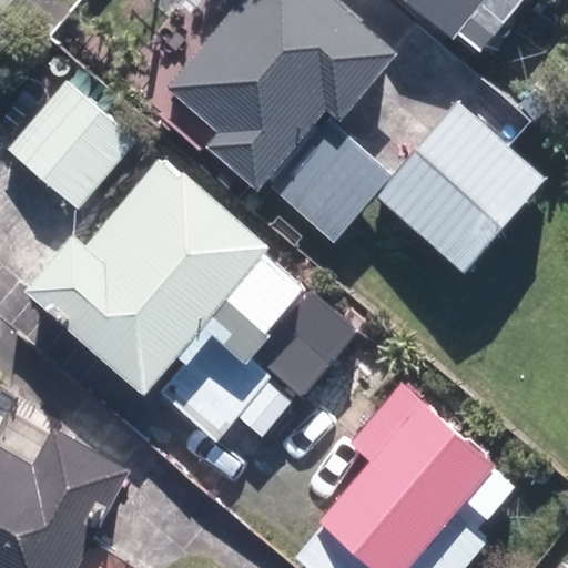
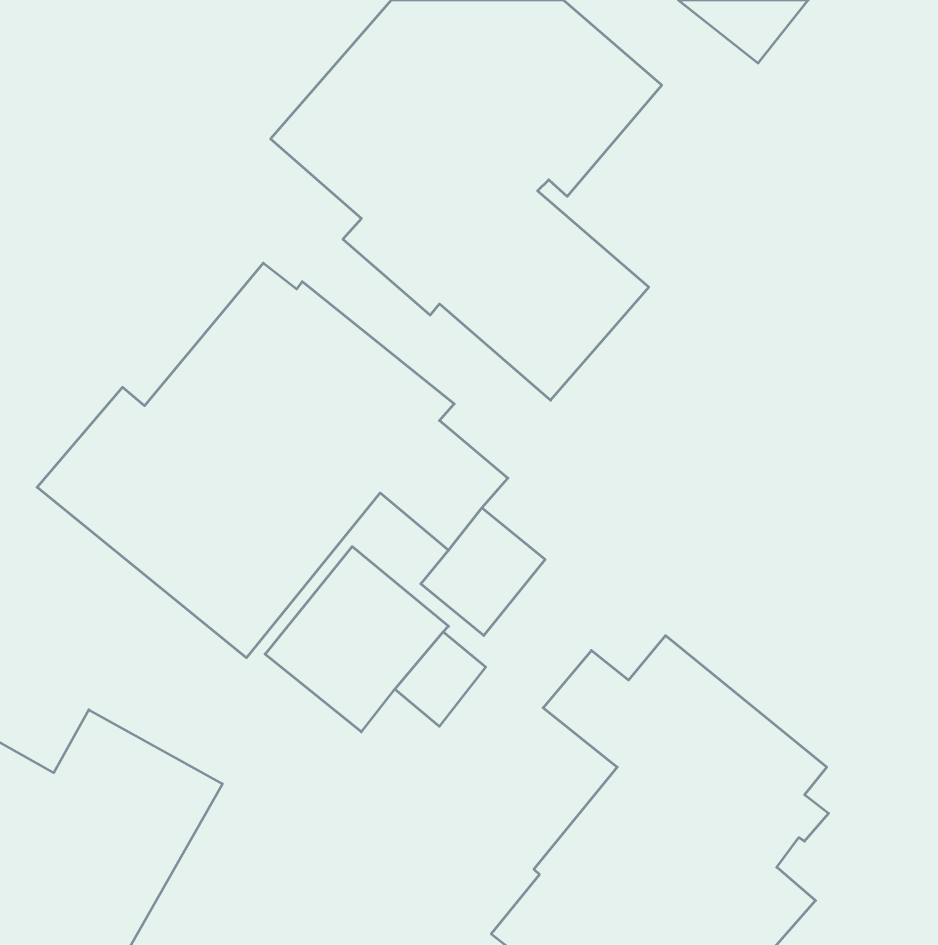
building: [7,80,139,211] -> none
building: [374,99,546,271] -> none

